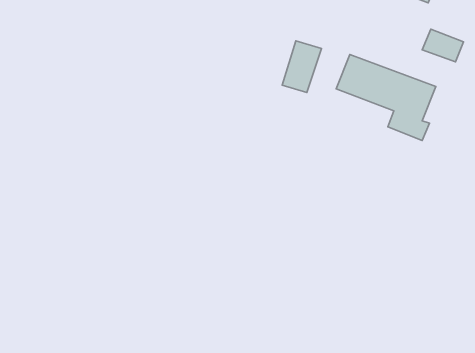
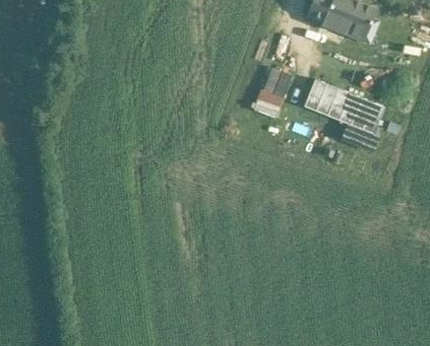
building: [422,29,464,62] -> none

